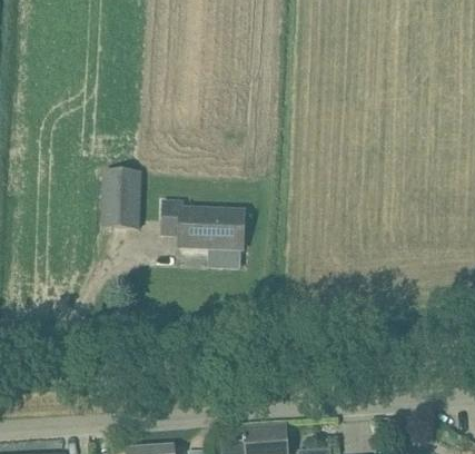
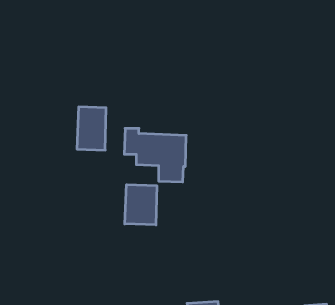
building: none -> [125,185,157,225]

